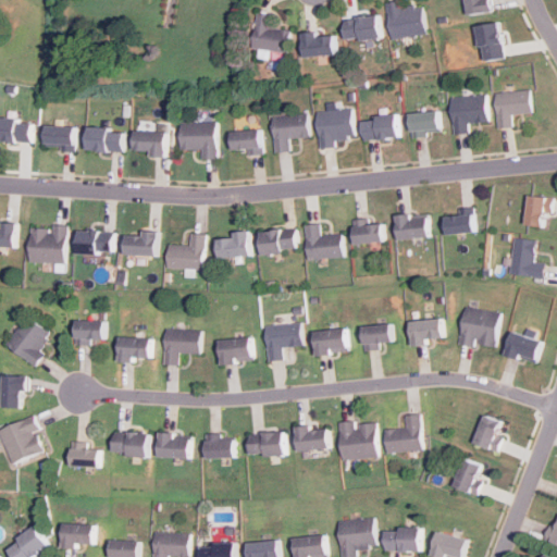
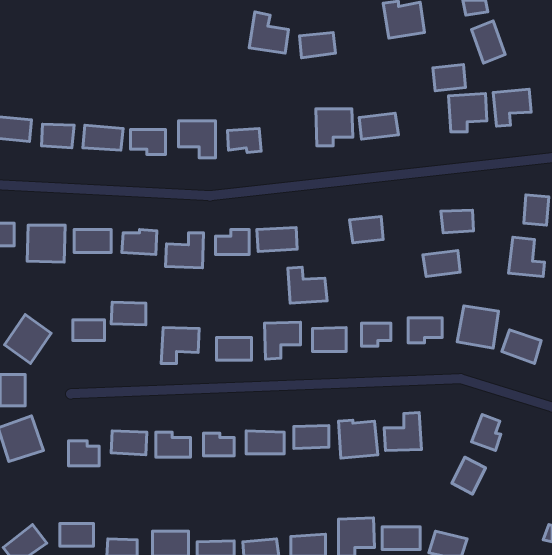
building: [341,15,380,44] -> none
building: [407,110,440,136] -> [433,65,466,91]
building: [271,114,308,151] -> none
building: [392,213,429,239] -> [423,250,460,277]
building: [304,223,343,259] -> [288,267,327,303]
building: [115,337,150,360] -> [111,302,146,325]

